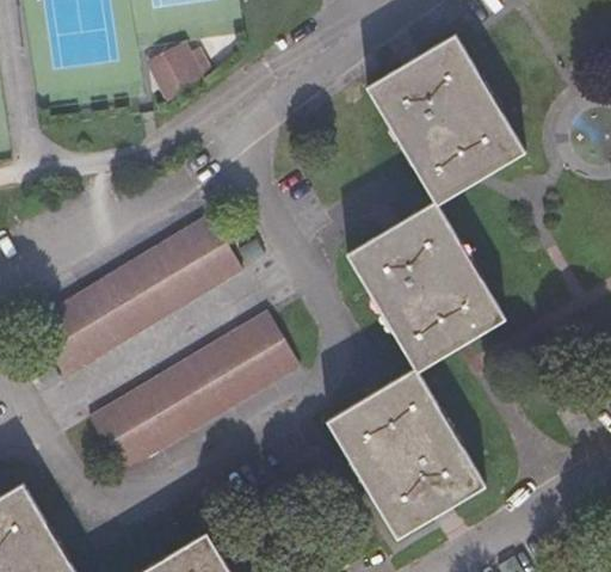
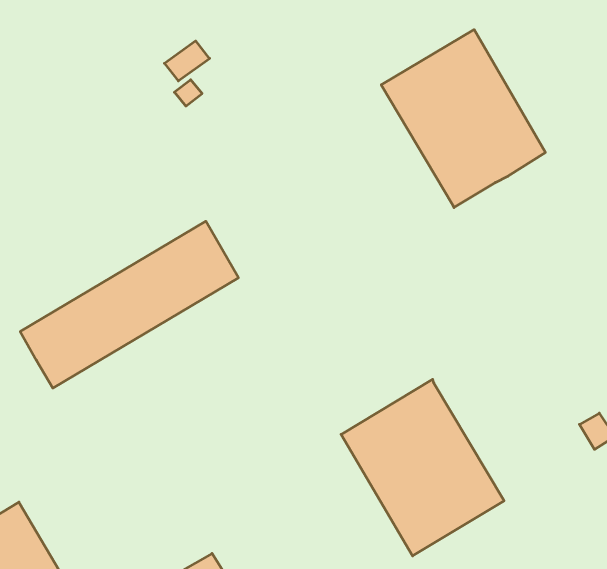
building: [348,203,505,373] -> none
building: [81,315,289,475] -> none

